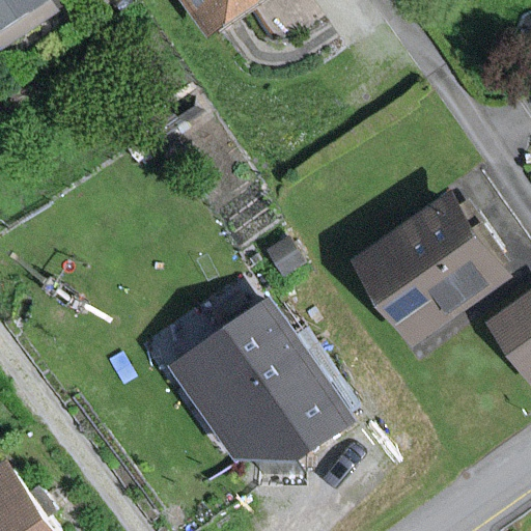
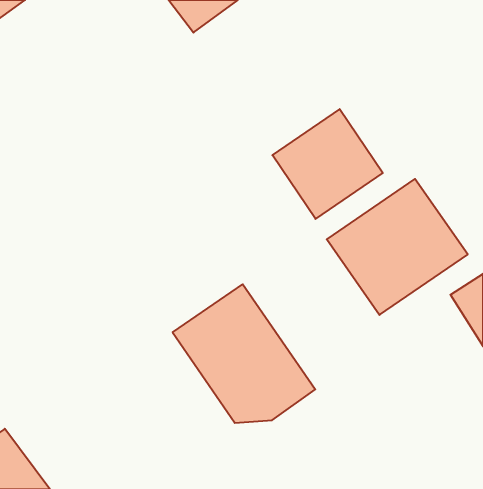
building: none -> [272,109,383,219]

